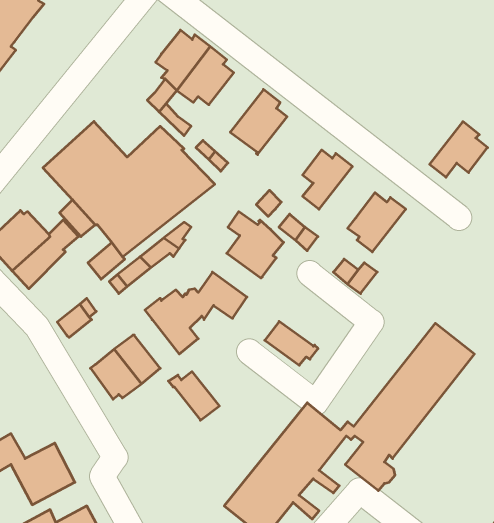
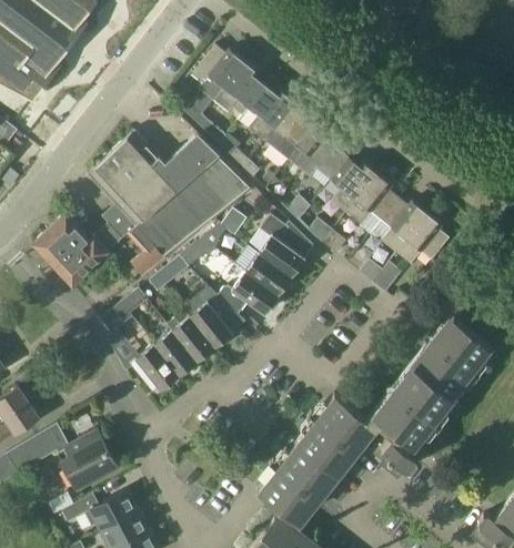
building: none -> [239,85,294,141]
building: none -> [289,126,349,181]
building: [430,122,488,177] -> [396,213,451,265]
building: none -> [346,173,399,224]
building: [265,321,318,365] -> [246,254,296,295]
building: [168,372,219,420] -> [168,316,215,362]

